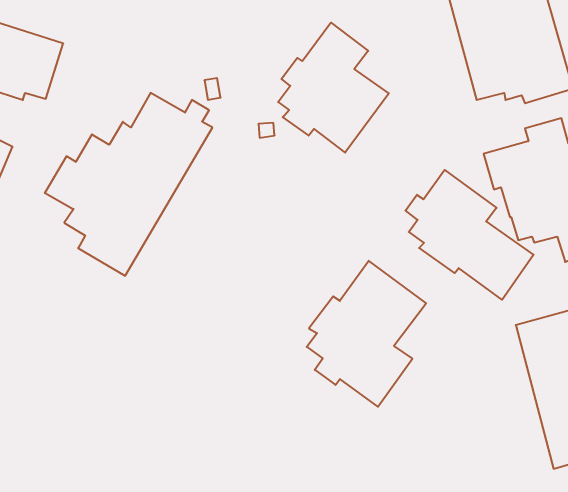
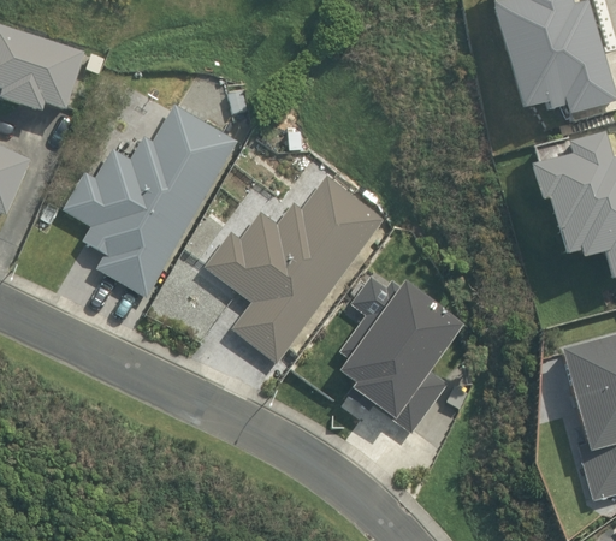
building: [278,23,389,153] -> none
building: none -> [206,173,386,361]
building: [405,170,534,300] -> none

